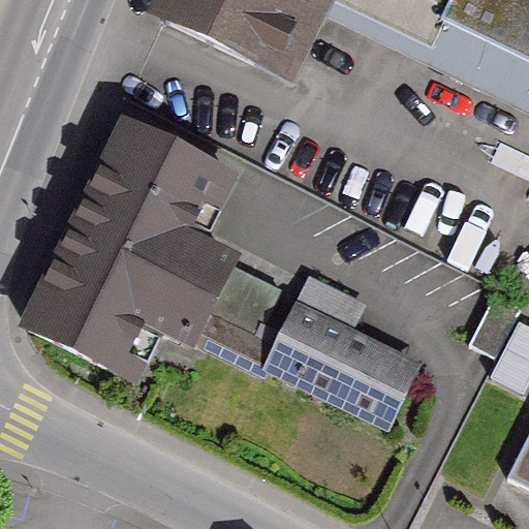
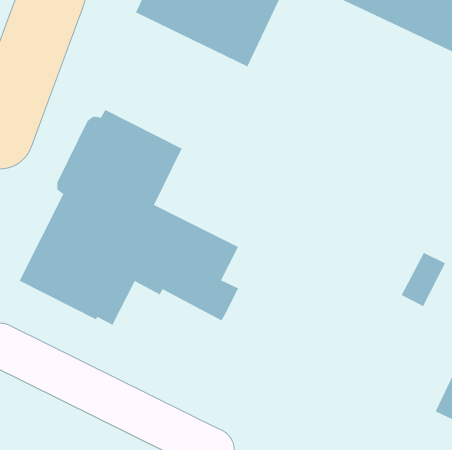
building: [269,276,415,421] -> none

